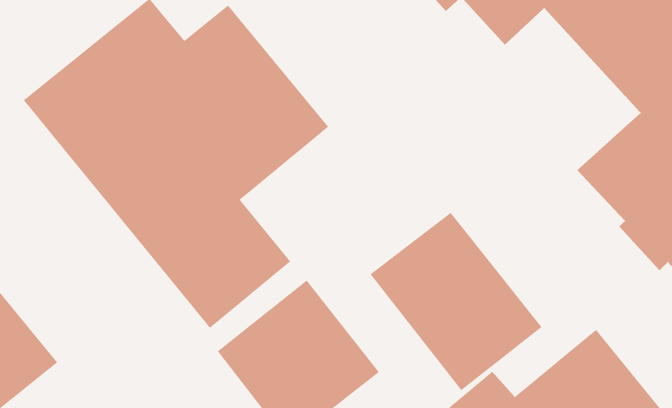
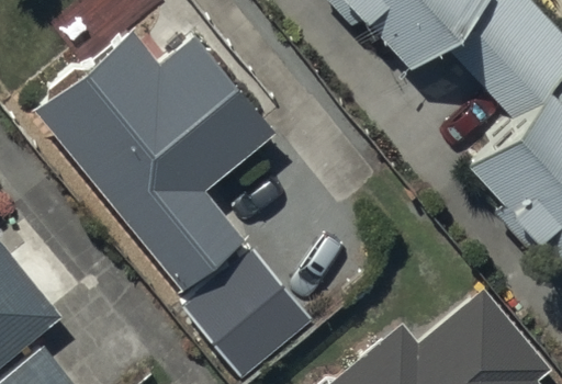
building: [370,212,543,391] -> none

